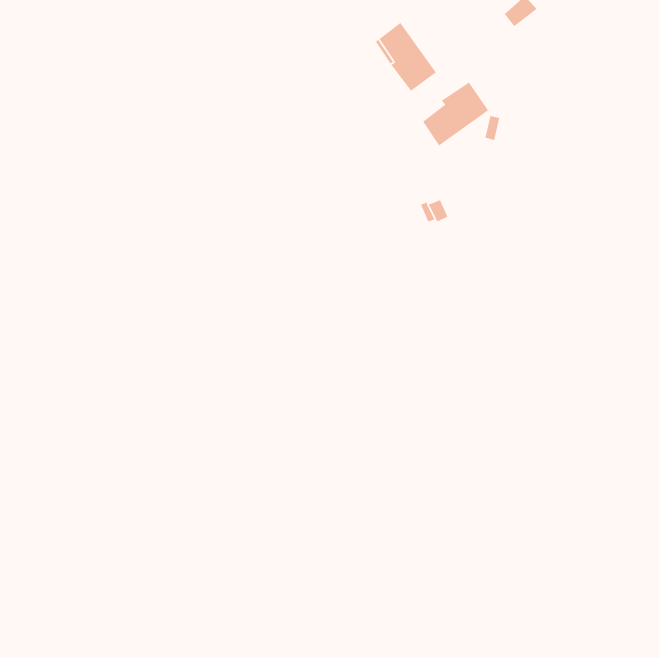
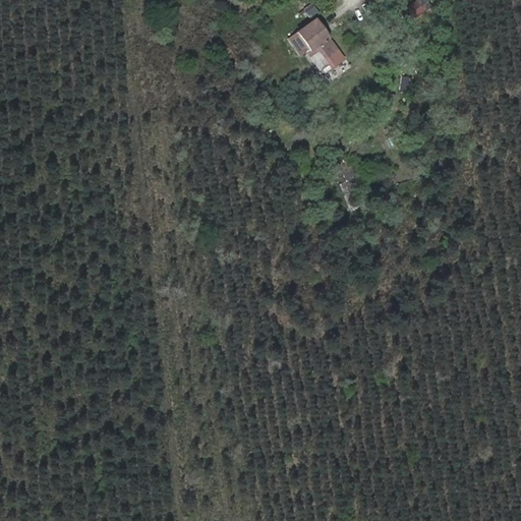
building: [422,82,489,147] -> none

